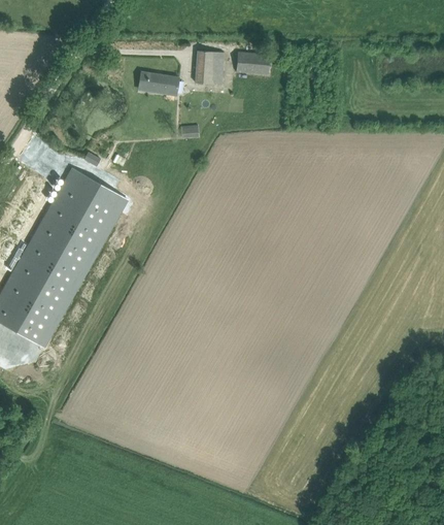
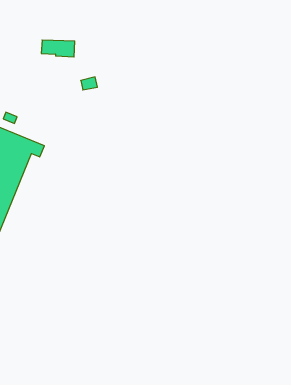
building: [197,54,225,88] -> none
building: [237,55,271,77] -> none

